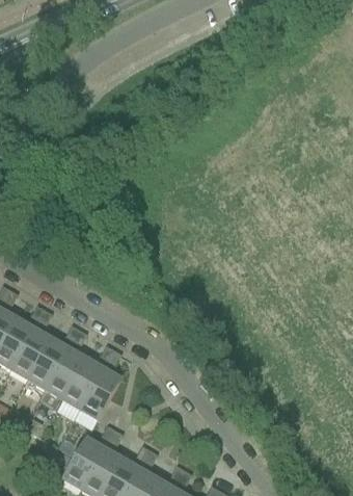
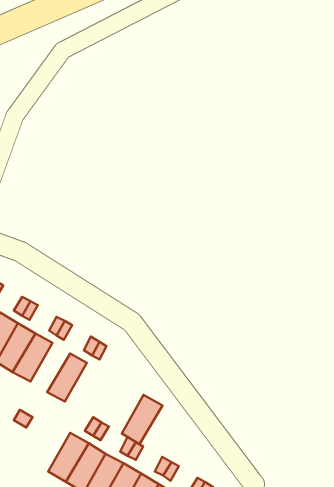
building: [44,346,83,395] -> none
building: [78,366,118,415] -> [122,395,162,444]

